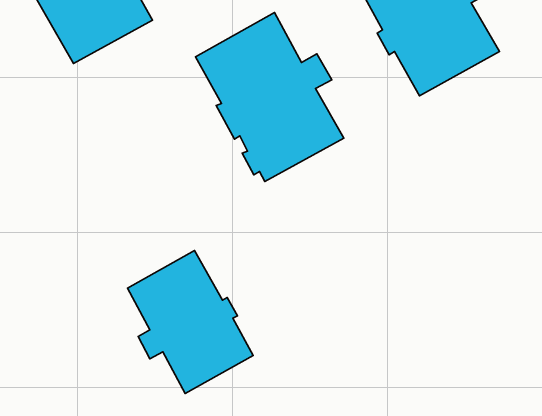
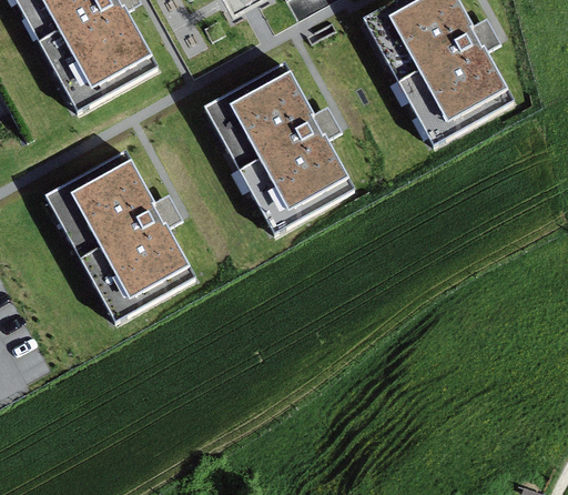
building: none -> [44,150,197,323]
building: [128,250,253,394] -> none

